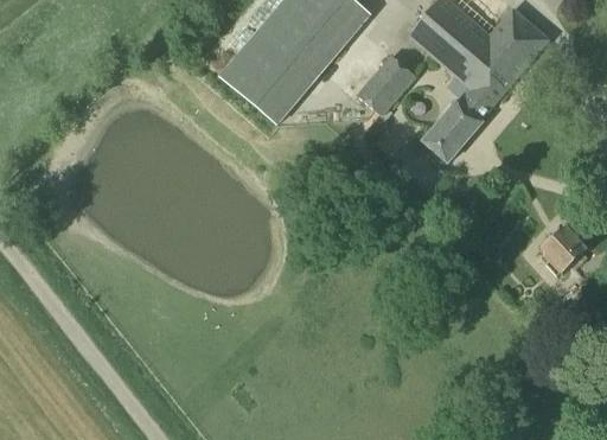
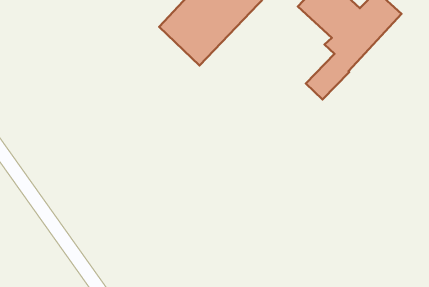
building: [358,53,417,114] -> none
building: [541,227,586,272] -> none

